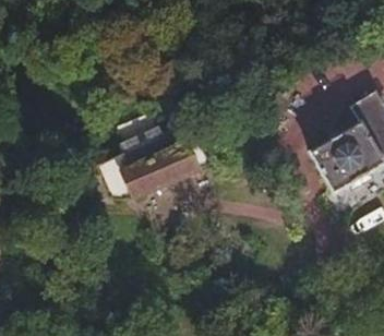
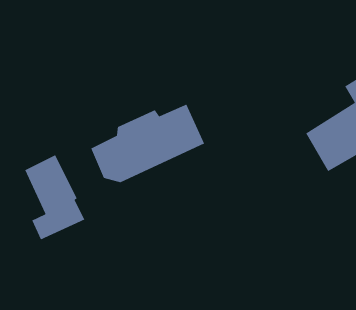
building: none -> [24,154,86,241]

